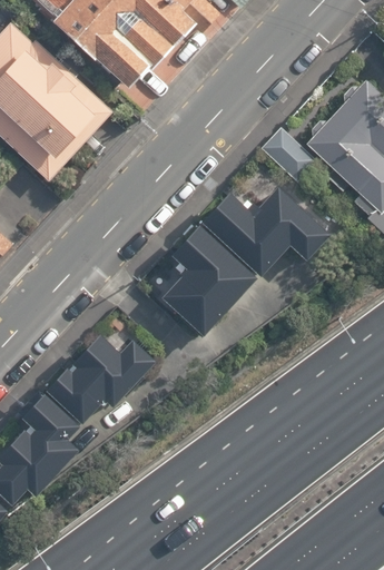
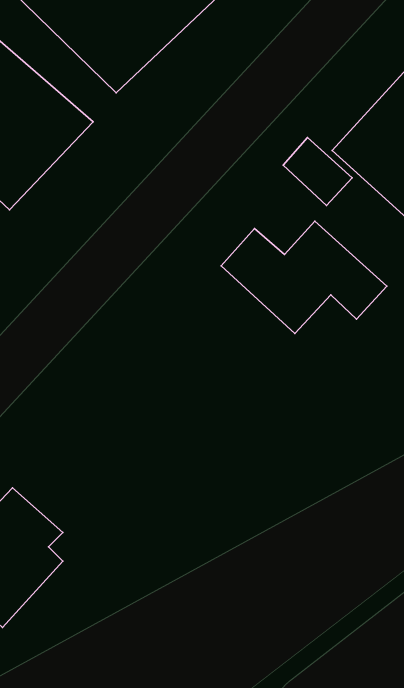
building: [161,225,257,335] -> none
building: [48,334,157,423] -> none

